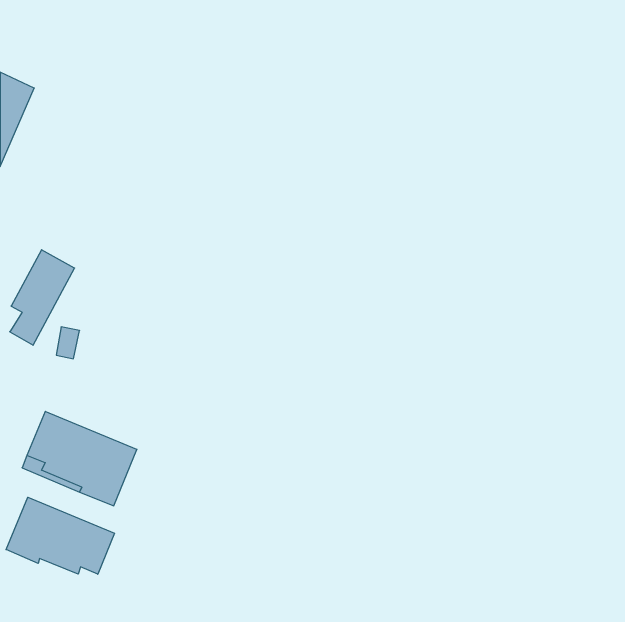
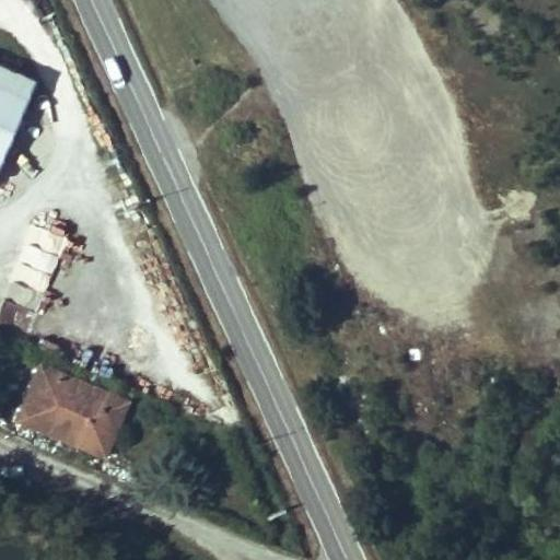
building: [6,497,114,574] -> none

